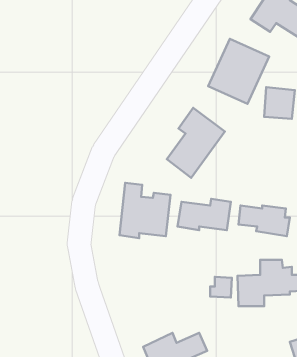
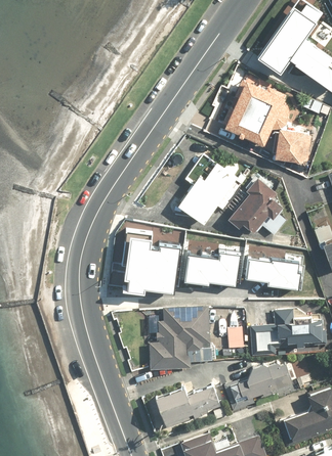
building: none -> [224,174,287,236]
building: none -> [147,305,218,372]
building: none -> [227,364,293,405]

